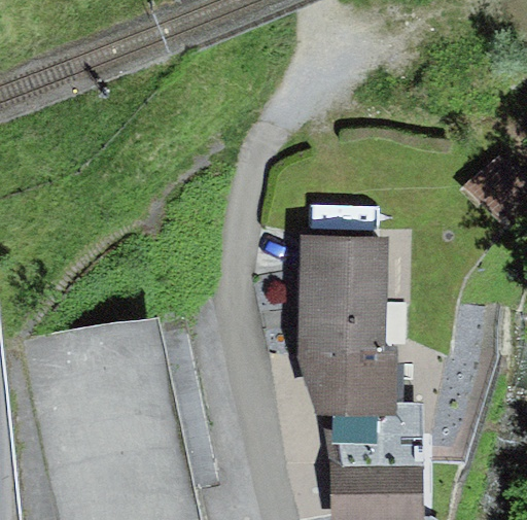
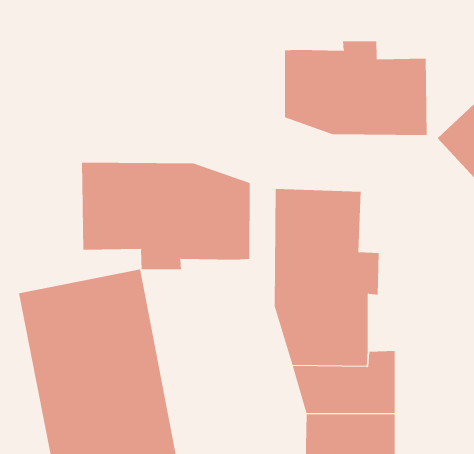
building: none -> [284,41,427,136]
building: none -> [82,162,250,270]

